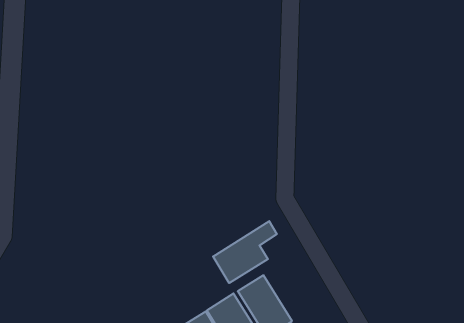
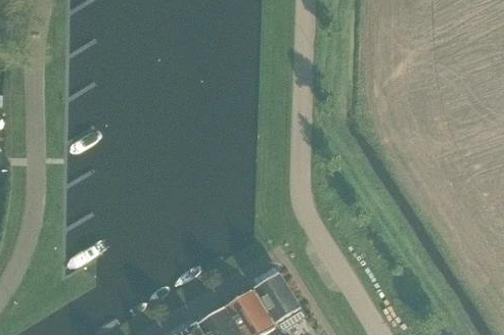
building: [213,221,277,283] -> none

